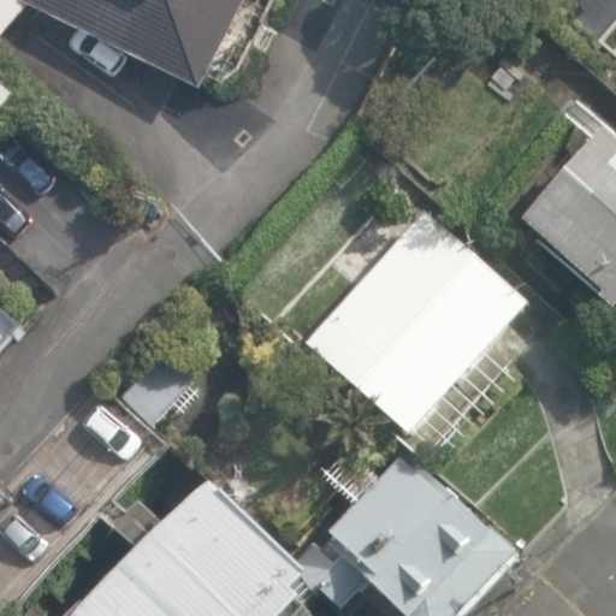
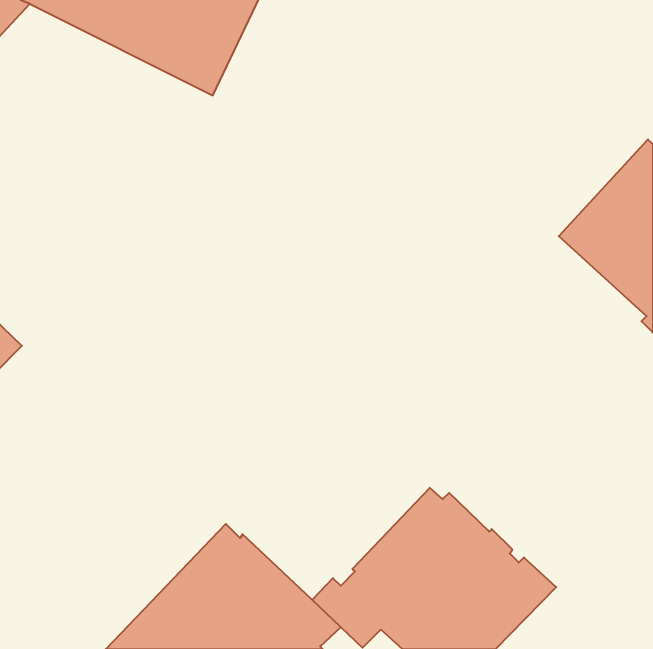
building: [302,207,531,437] -> none

